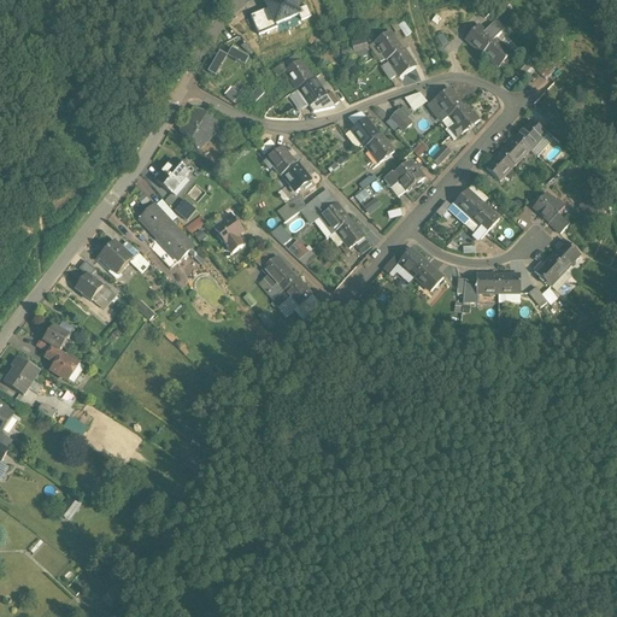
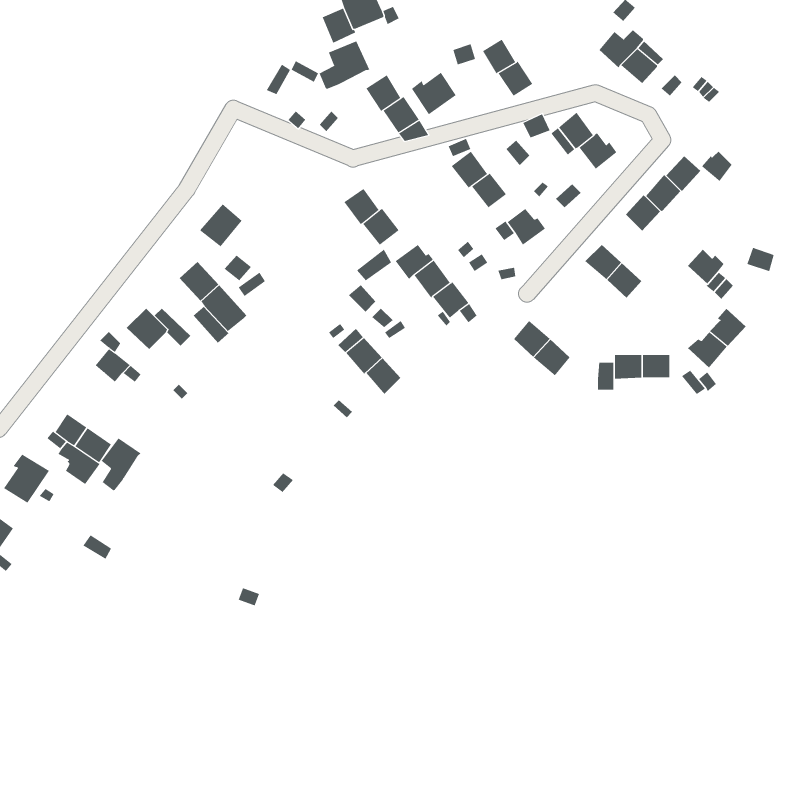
building: none -> [319,40,370,89]
building: none -> [411,72,457,115]
building: [178,104,221,146] -> none
building: [215,212,246,252] -> none
building: none -> [101,438,141,491]

